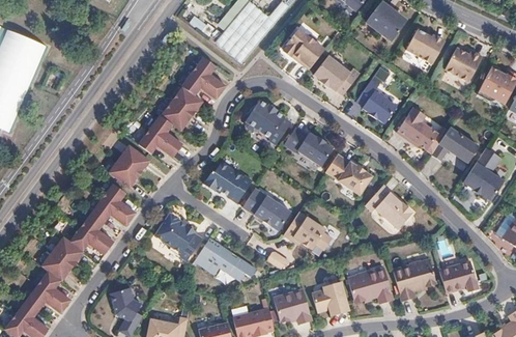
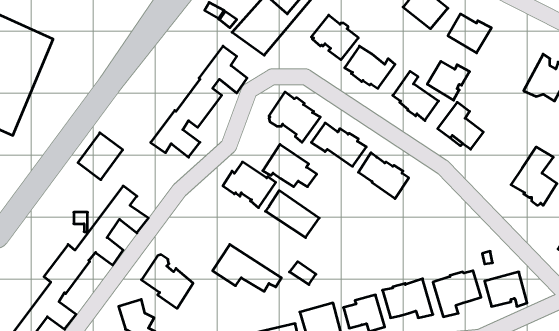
building: [445,46,483,81] -> [427,61,470,100]
building: [432,125,479,162] -> none
building: [109,144,149,187] -> [78,133,123,180]
building: [364,184,411,228] -> none
building: [154,210,201,259] -> [141,255,193,308]
building: [283,210,332,249] -> [263,144,317,187]

